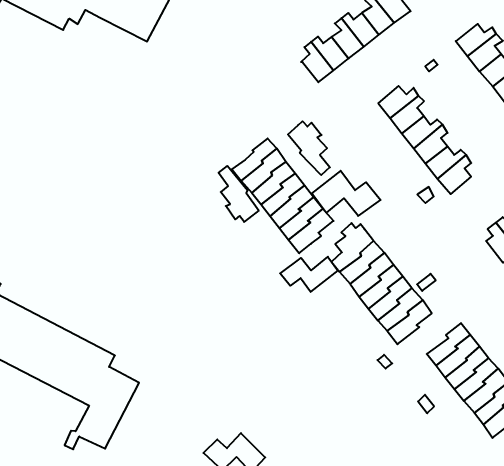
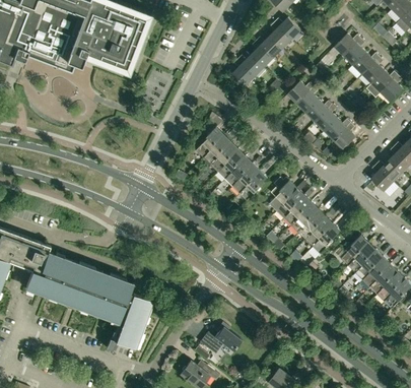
building: [288,121,330,175] -> none
building: [219,166,259,222] -> none
building: [312,171,381,216] -> none
building: [280,257,338,292] -> none

